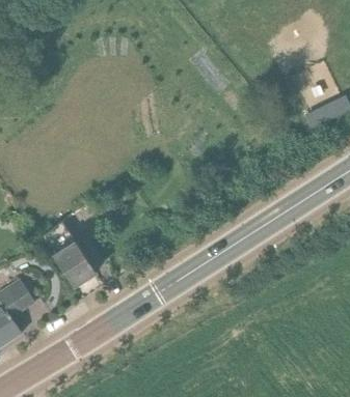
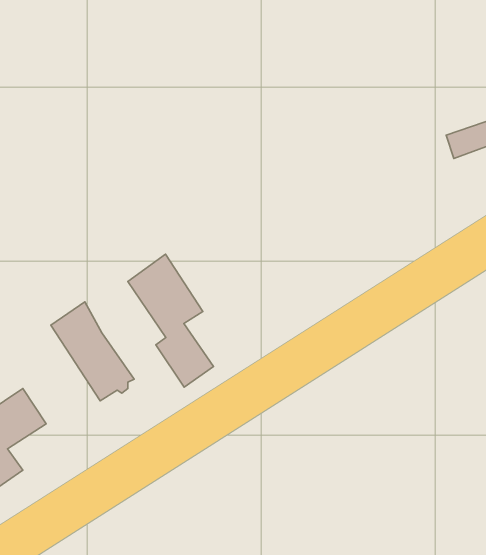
building: none -> [128,254,214,387]

